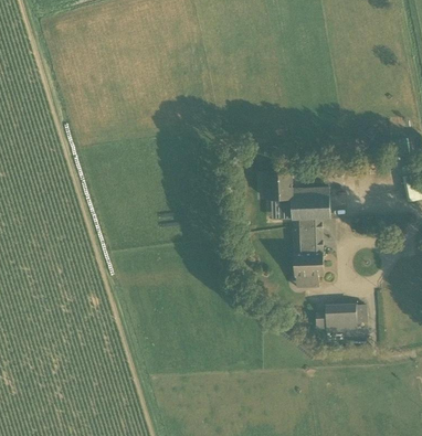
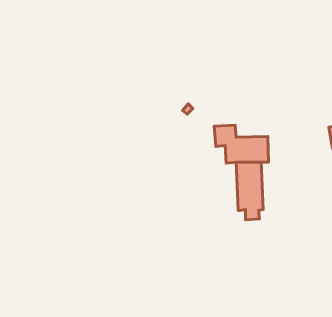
building: [325,302,367,332] -> none

